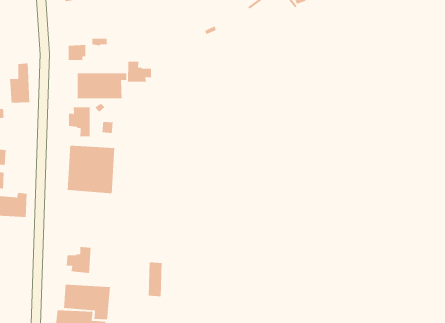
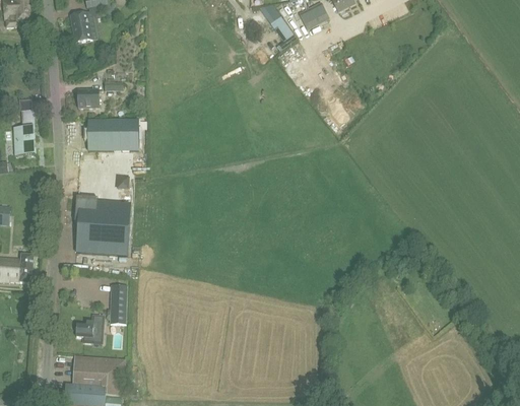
building: [127,61,152,83] -> none
building: [68,106,91,137] -> none
building: [148,262,163,297] -> [110,283,126,323]

